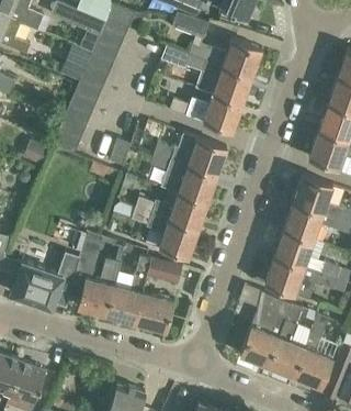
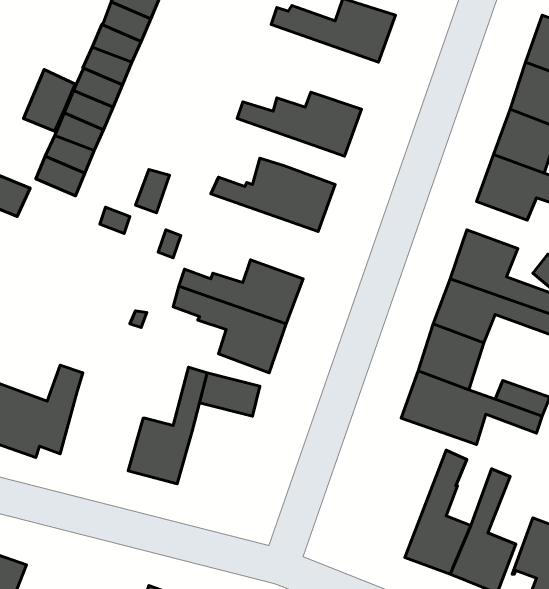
building: [60,45,91,81] -> [23,69,76,132]
building: [160,47,251,104] -> none
building: [150,154,216,203] -> none
building: [76,231,125,315] -> none
building: [134,292,173,331] -> none
building: [239,292,291,366] -> none

